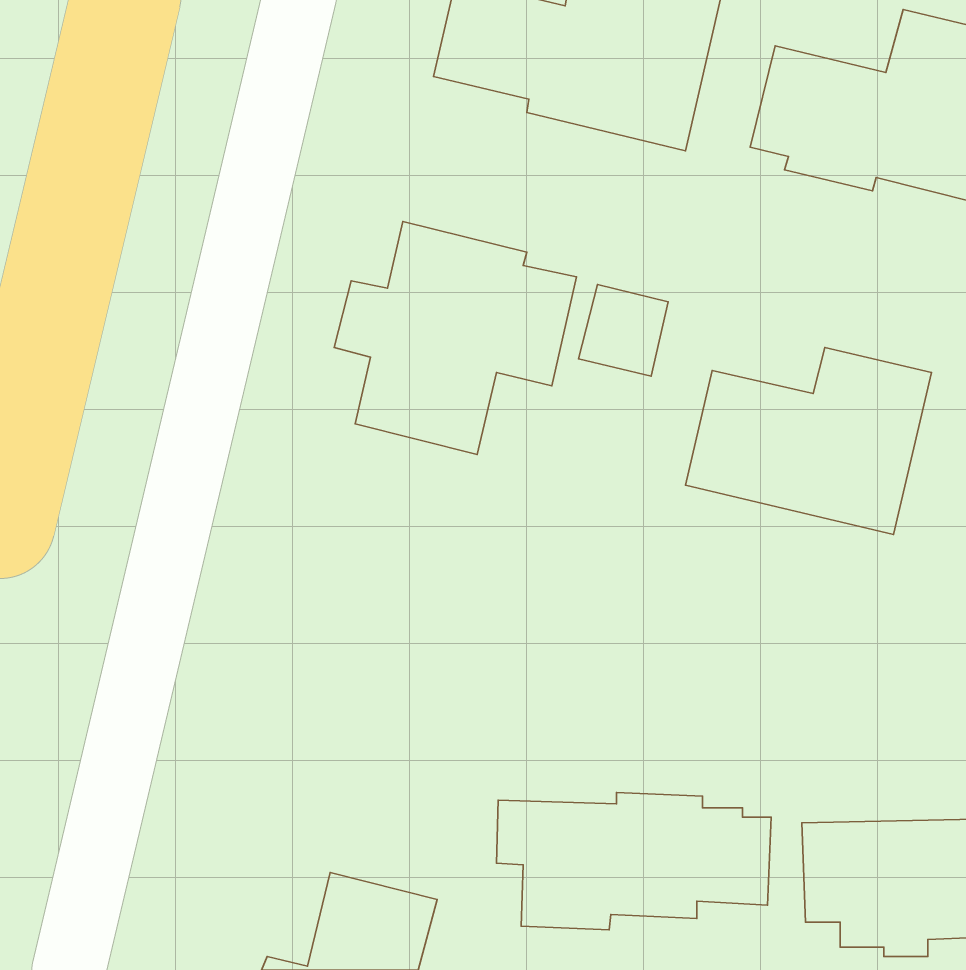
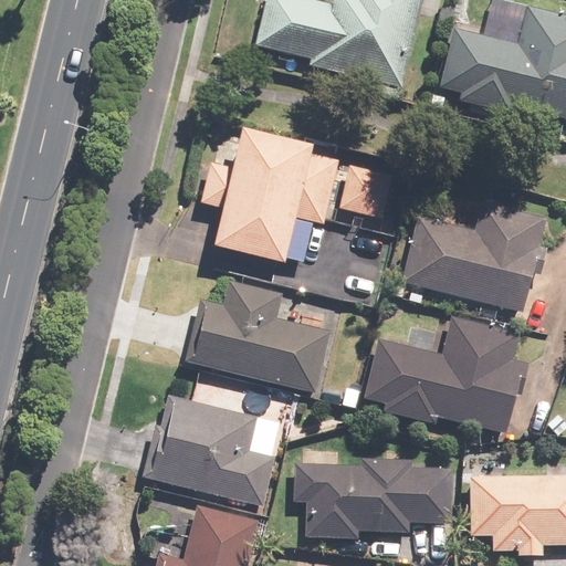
building: none -> [185,282,333,392]
building: none -> [365,315,530,431]
building: none -> [142,396,275,504]

